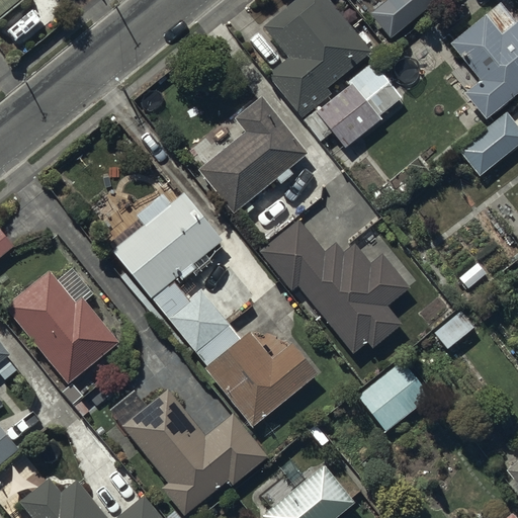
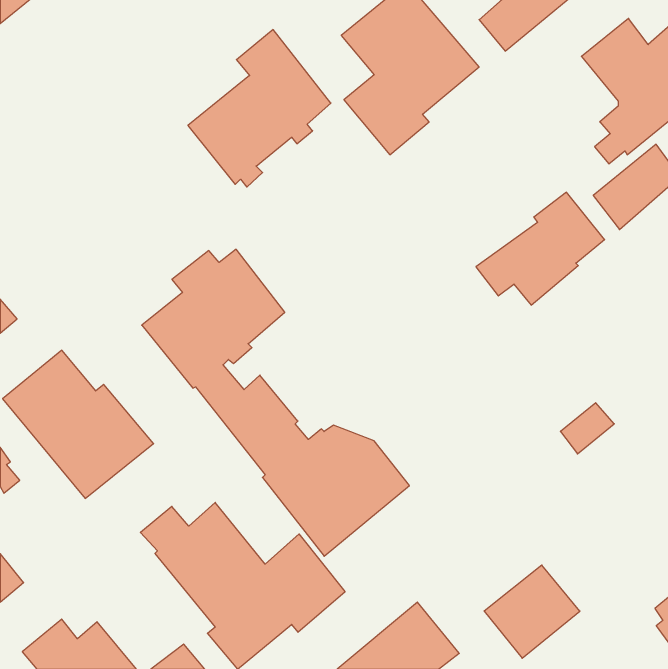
building: [304,62,403,149] -> [476,192,605,305]
building: [197,96,308,218] -> [188,30,331,187]
building: [258,220,411,354] -> none
building: [358,360,432,432] -> [484,565,580,658]

